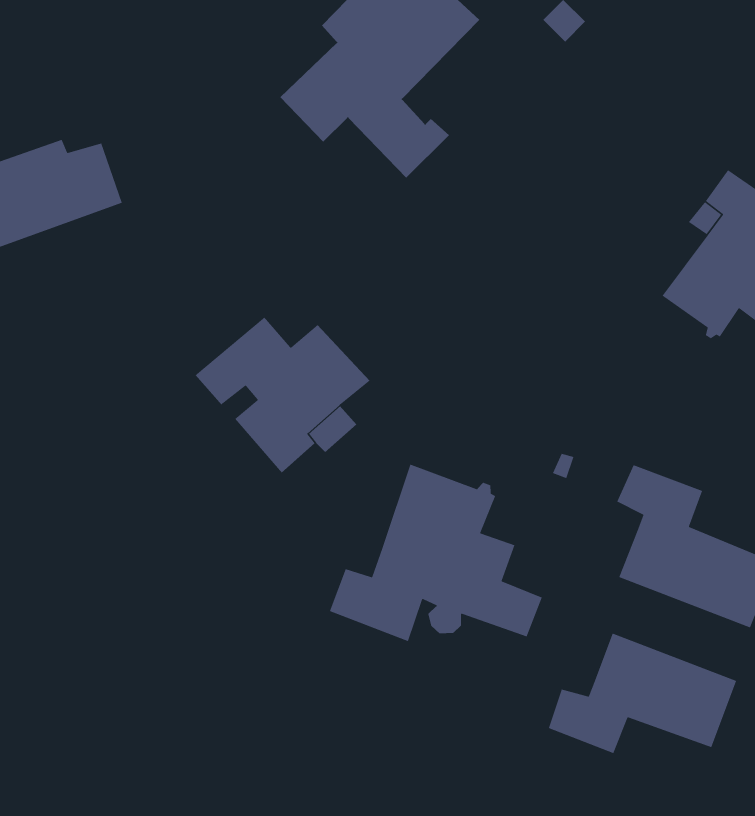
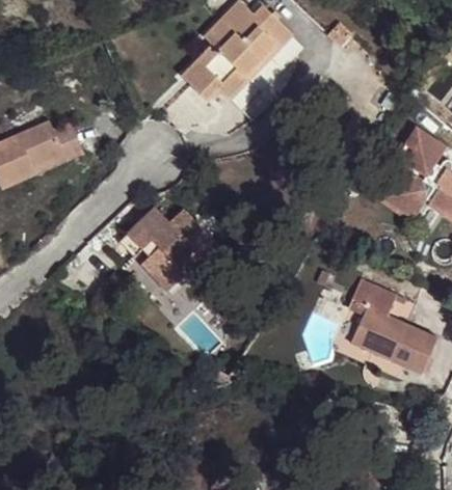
building: [329,464,543,642] -> none
building: [548,632,737,754] -> none

